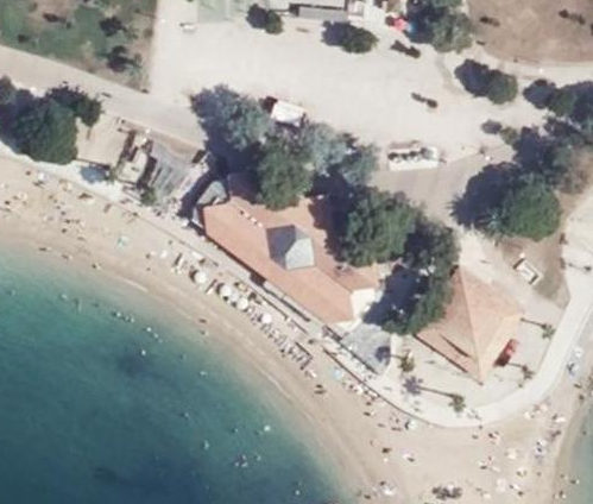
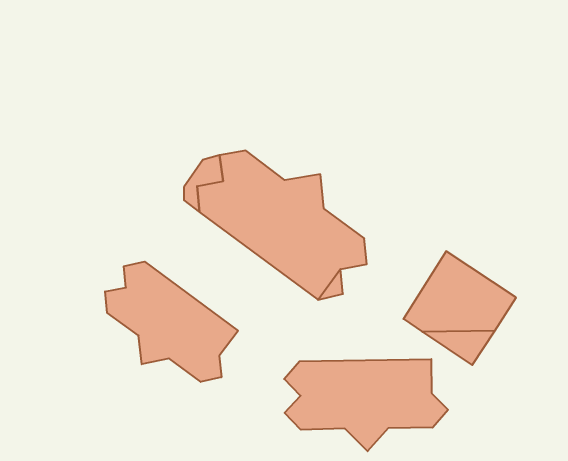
building: none -> [105,262,238,382]
building: none -> [284,359,448,451]

